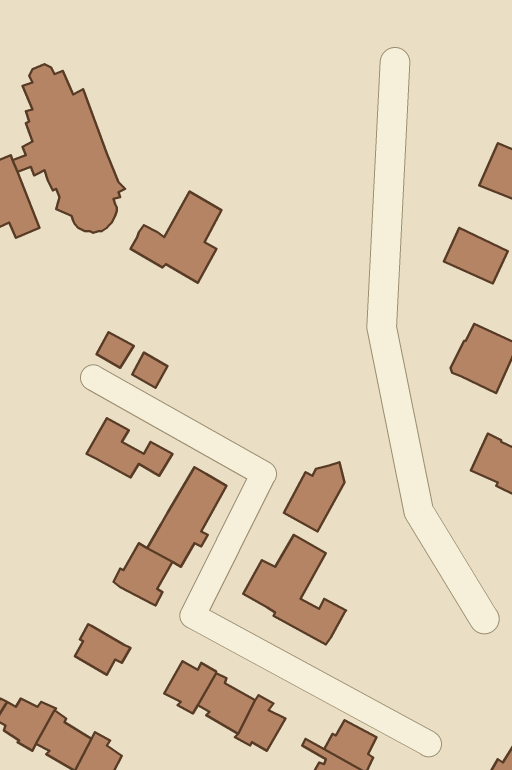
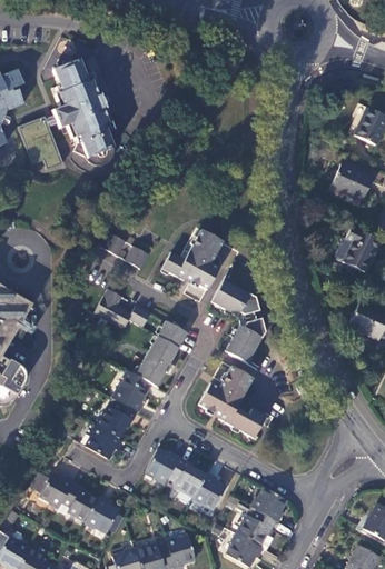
building: [130,192,221,283] -> [162,230,223,290]
building: none -> [211,279,259,316]
building: none -> [98,400,138,438]

